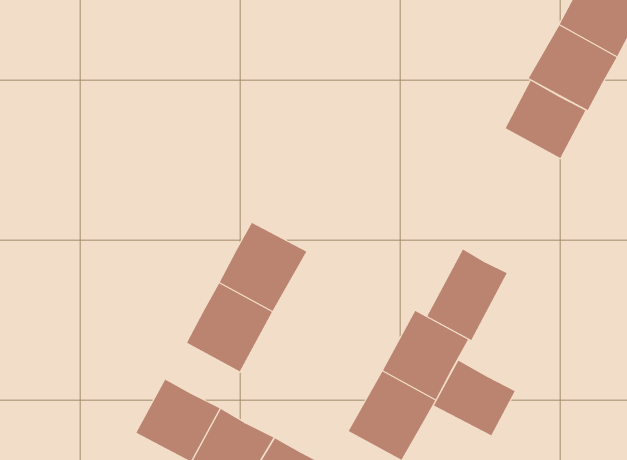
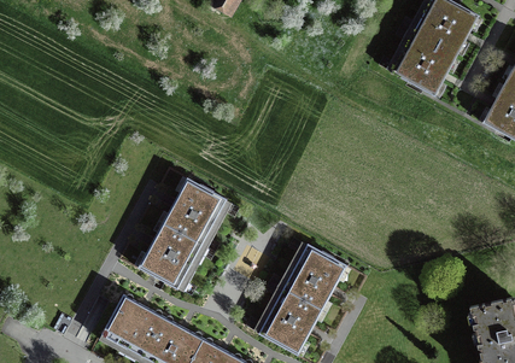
building: [505,80,586,159] -> none
building: [427,249,508,341] -> none
building: [433,360,515,436] -> none

